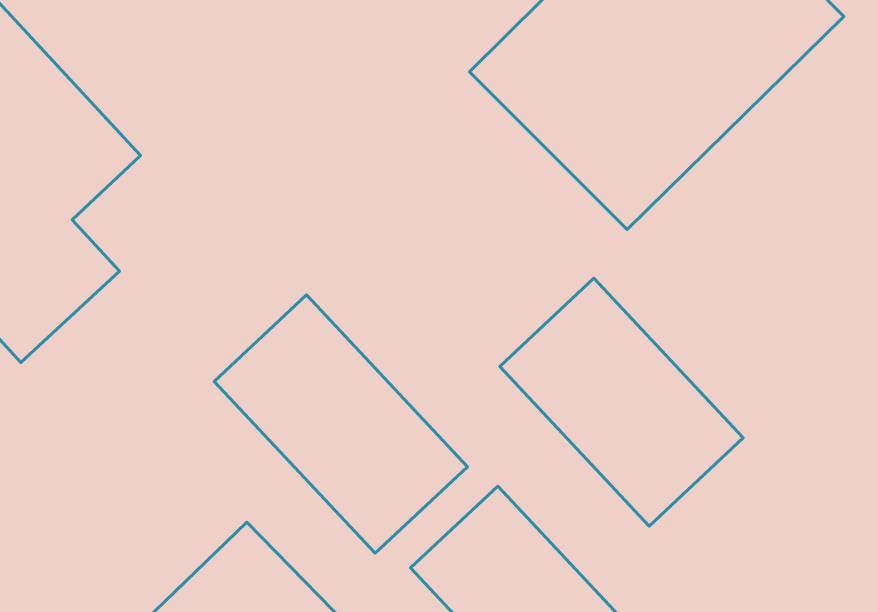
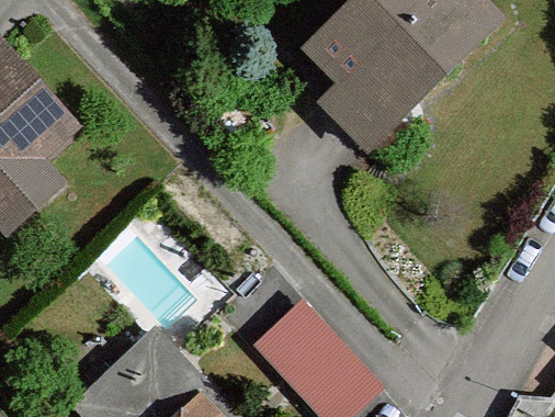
building: [500,278,743,526] -> none
building: [214,295,467,553] -> none

